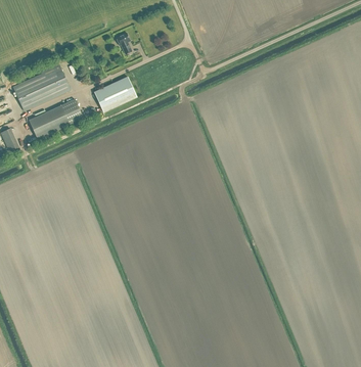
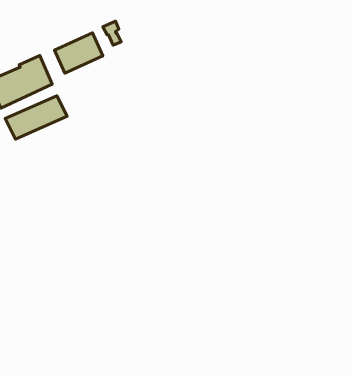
building: [93,76,136,111] -> [55,33,103,73]

